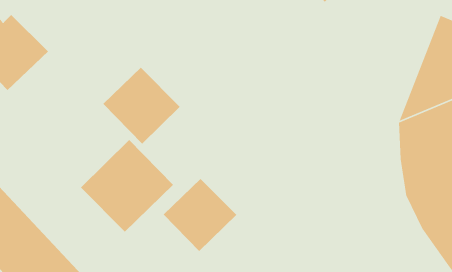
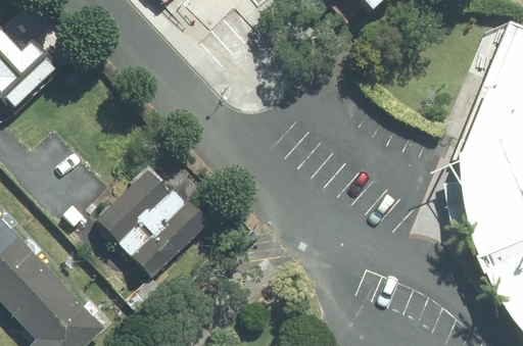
building: [102,67,181,145] -> none
building: [163,178,237,252] -> none

